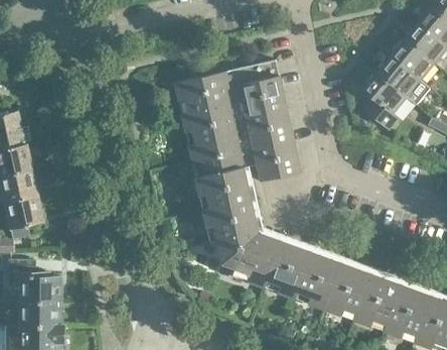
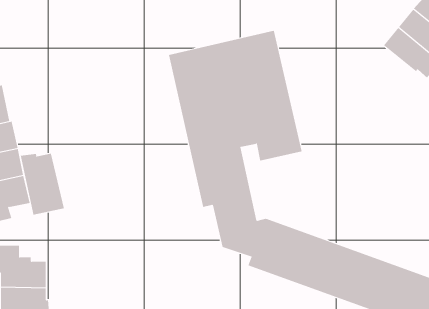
building: [361,73,405,128] -> none
building: none -> [20,153,64,215]

